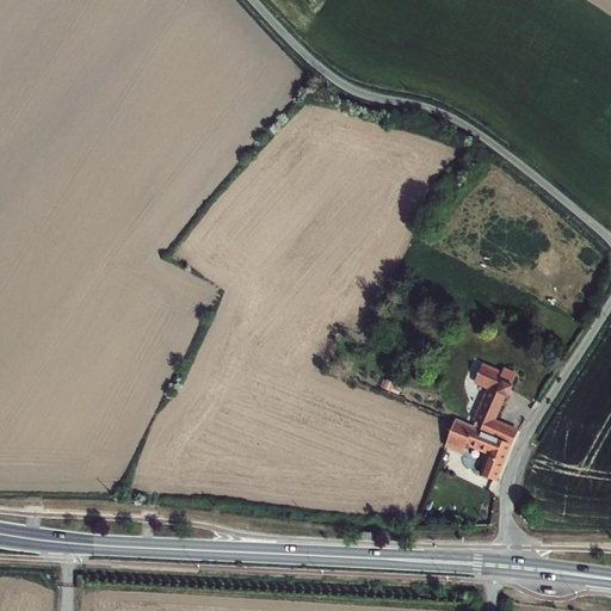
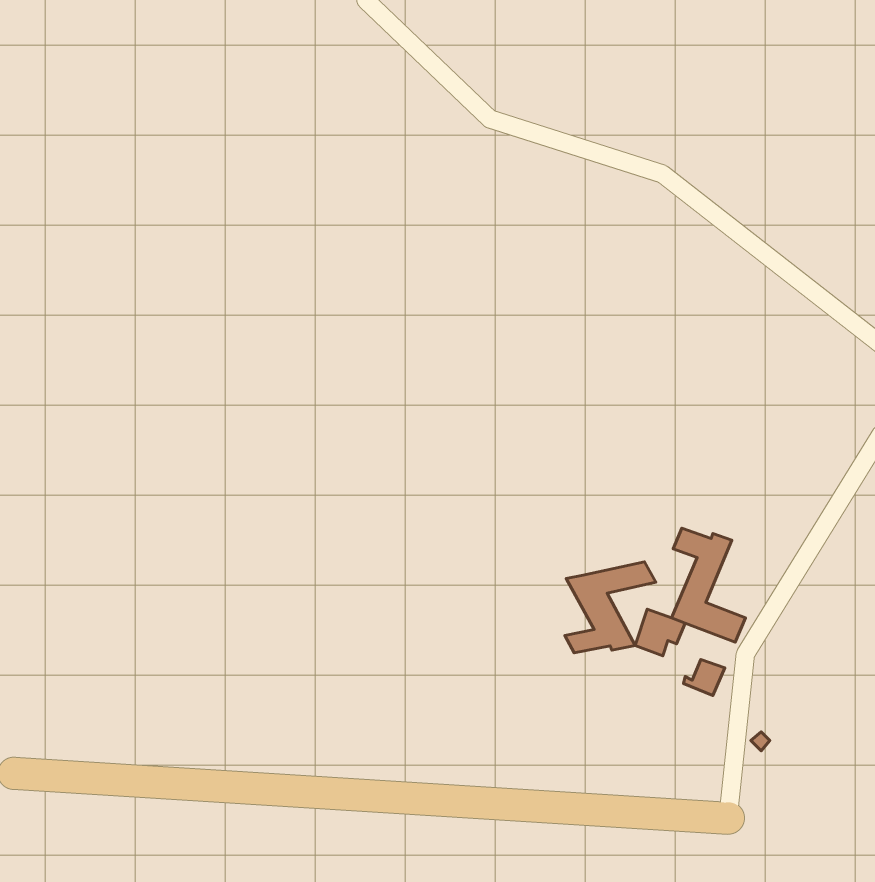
building: none -> [565,562,656,653]
building: [473,431,513,462] -> none

